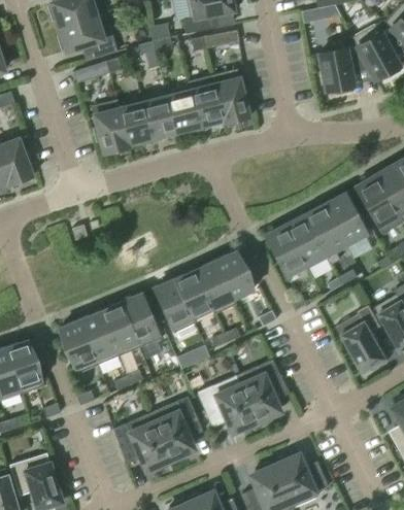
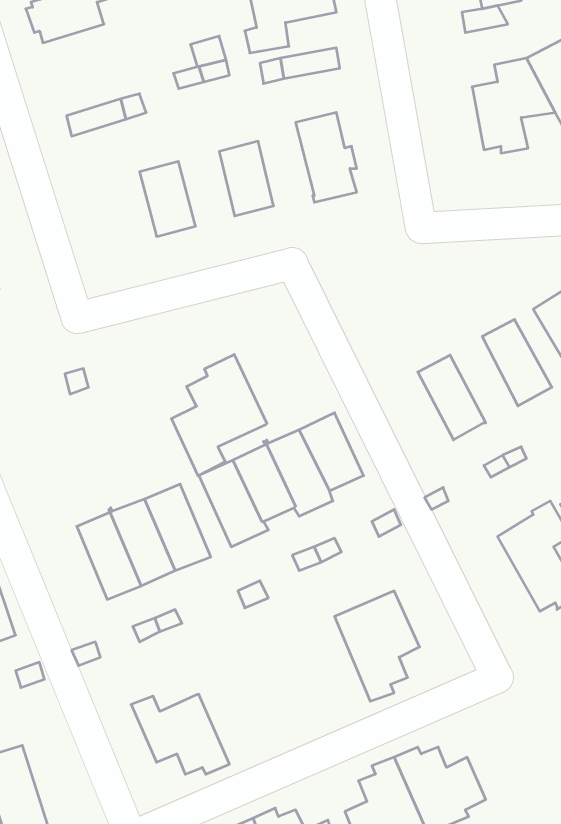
building: [58,15,117,59] -> none
building: [188,75,224,126] -> none
building: [141,93,175,138] -> none
building: [92,99,129,154] -> none
building: [306,205,347,269] -> none
building: none -> [171,354,267,476]
building: [266,227,308,278] -> none
building: [59,320,98,373] -> none
building: [198,375,258,434] -> none
building: [148,397,202,465] -> none

